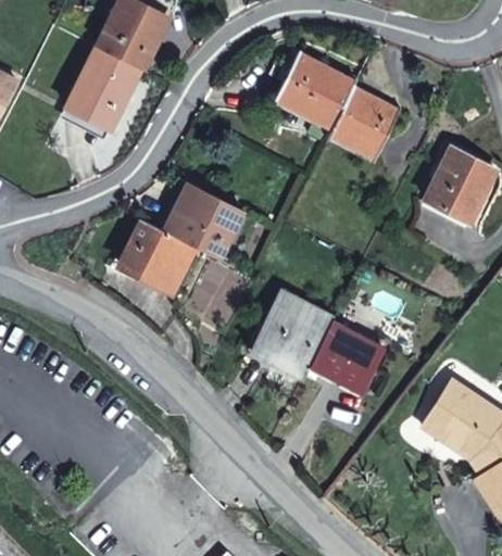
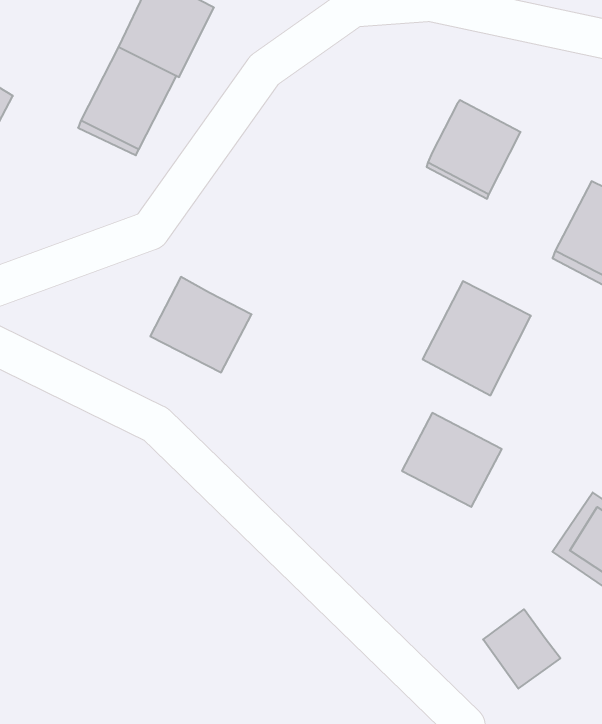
building: [276,53,355,126] -> none
building: [165,180,242,258] -> none
building: [252,292,334,378] -> [423,281,531,395]
building: none -> [483,609,560,689]

